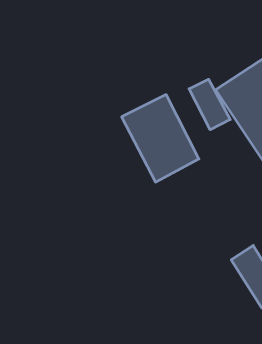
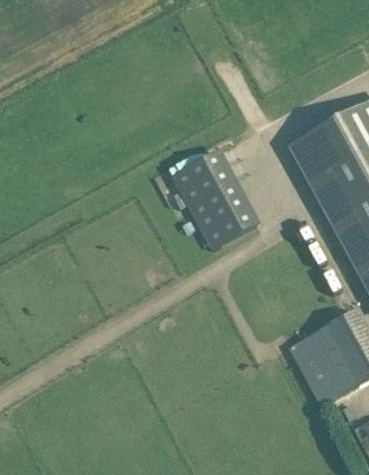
building: [189,79,230,130] -> none

